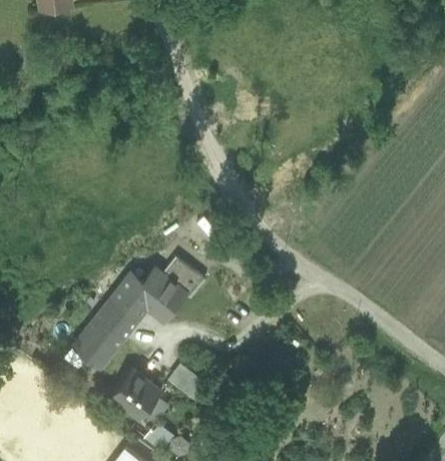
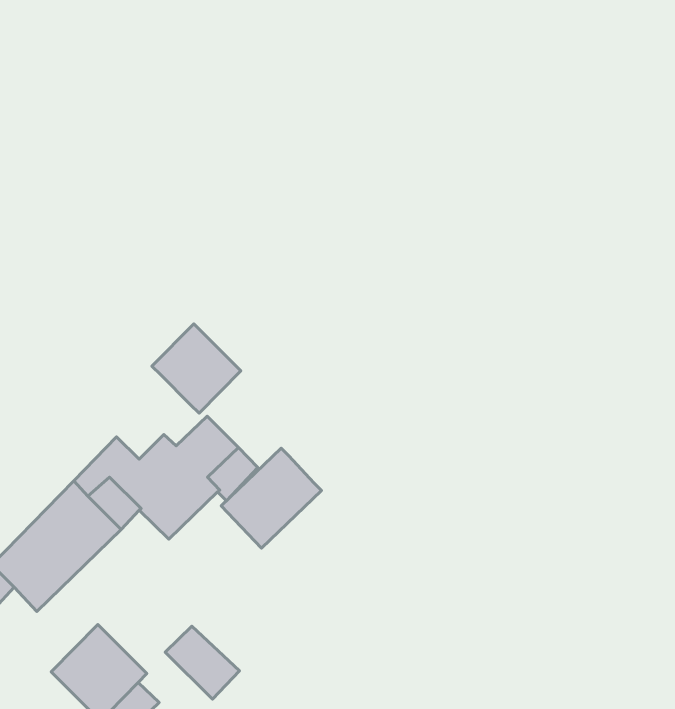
building: none -> [152,324,241,413]
building: none -> [221,448,321,548]

